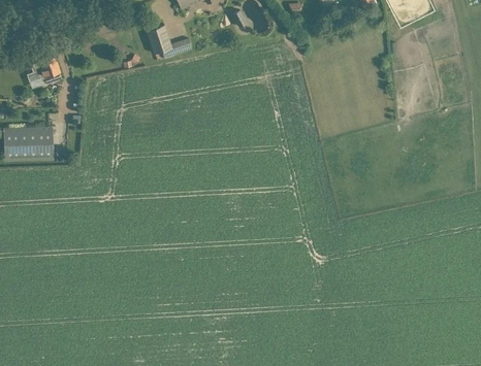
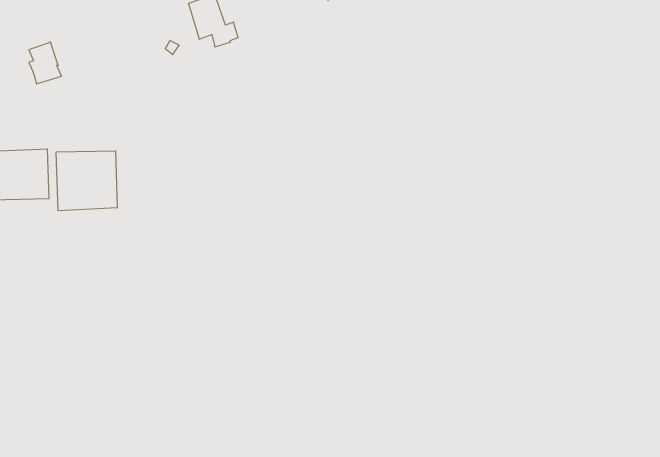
building: none -> [56,151,117,211]

